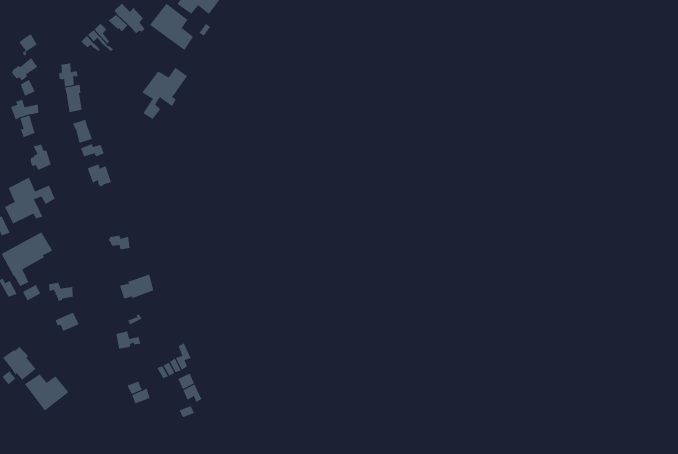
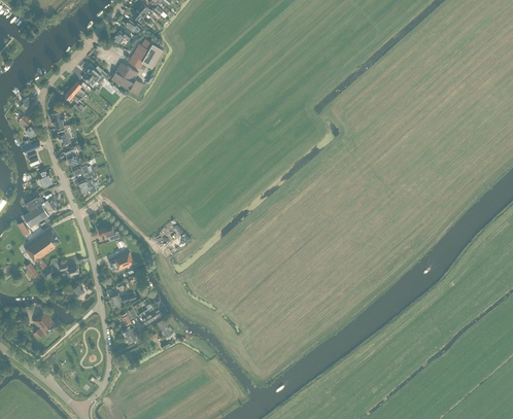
building: [142,67,188,120] -> none
building: [24,373,69,411] -> none

